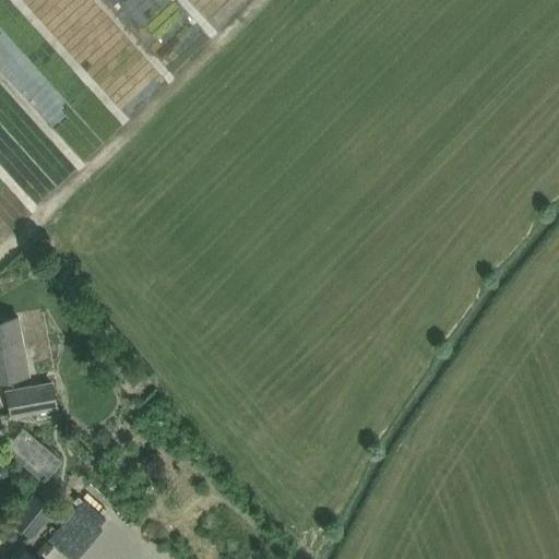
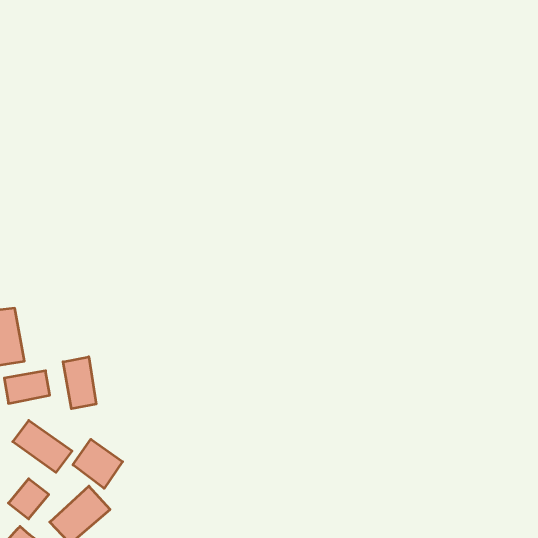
building: none -> [63,357,96,409]
building: none -> [73,439,123,488]

